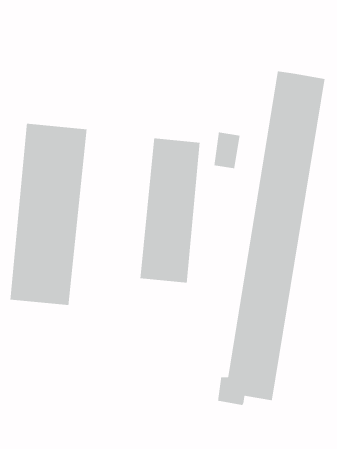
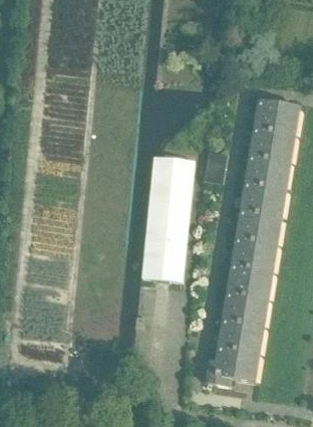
building: [9,123,88,306] -> none

